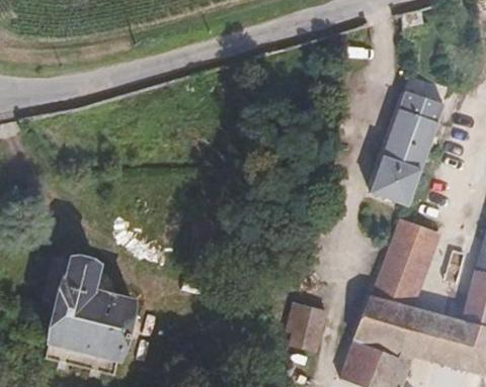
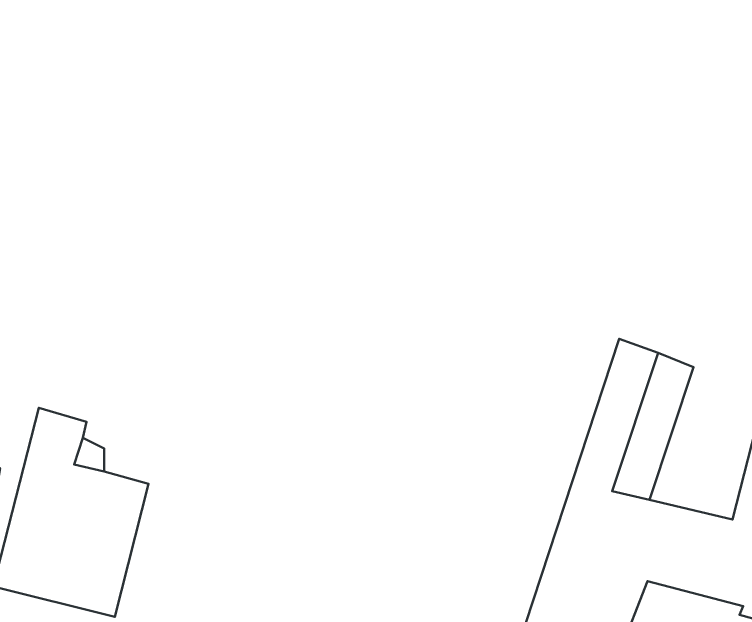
building: [374,85,442,198] -> none
building: [291,309,328,354] -> none

